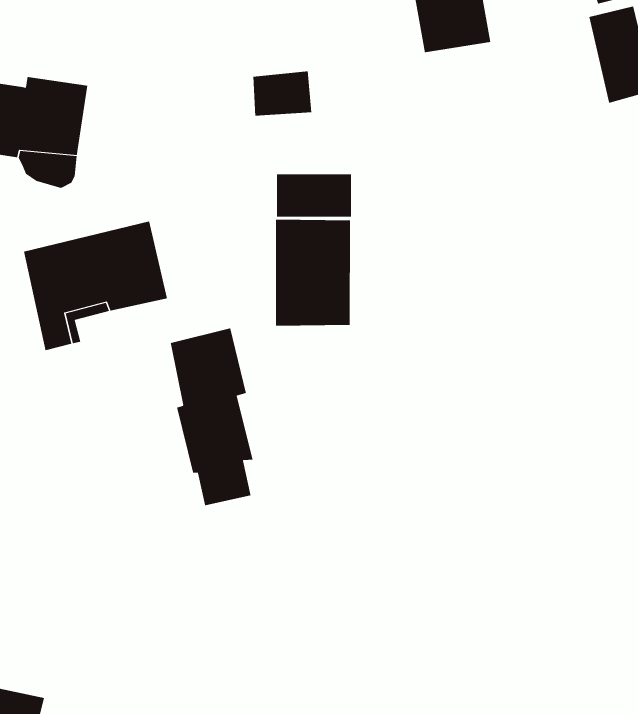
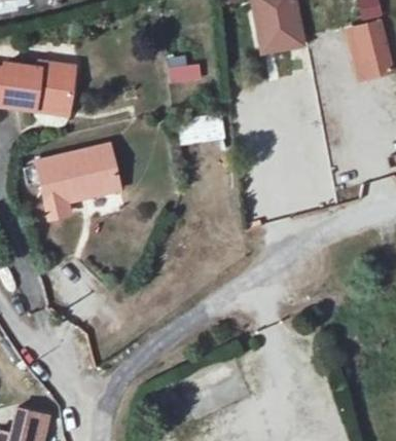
building: [275,219,351,326] -> none
building: [170,327,253,506] -> none

